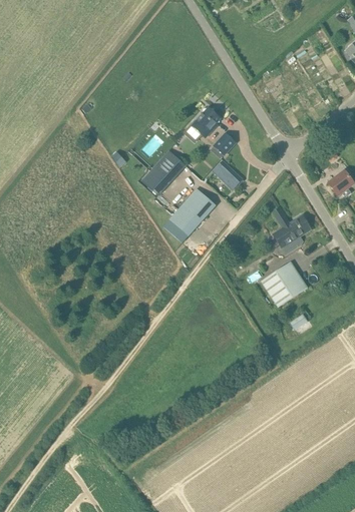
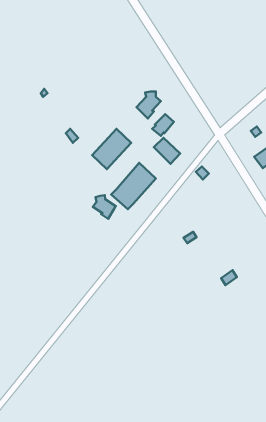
building: [272,206,311,254] -> none
building: none -> [93,195,116,219]
building: [261,260,309,307] -> none

